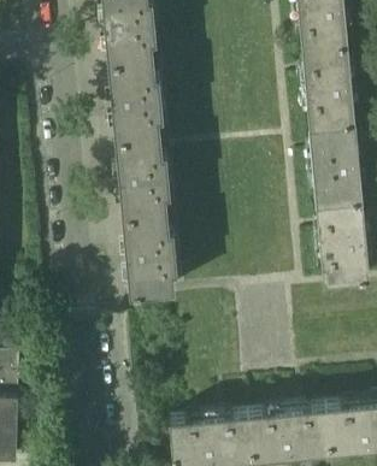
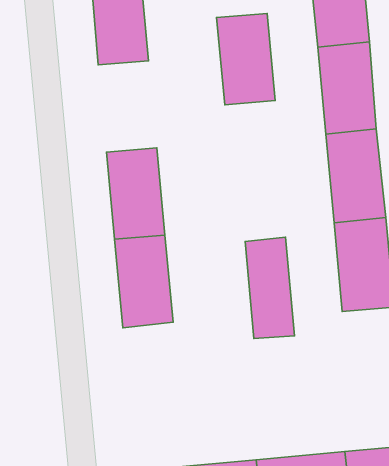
building: [108,63,160,143] -> [217,13,275,105]
building: none -> [245,237,294,338]

